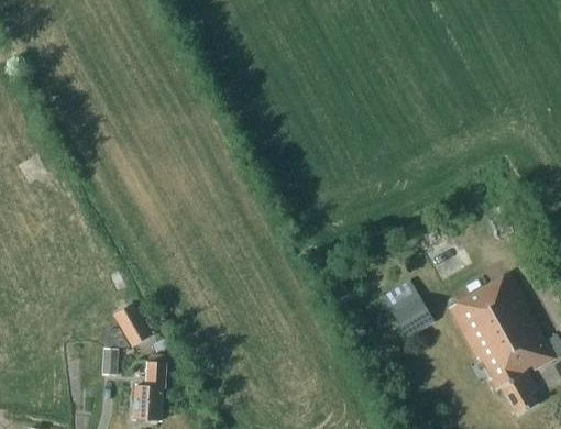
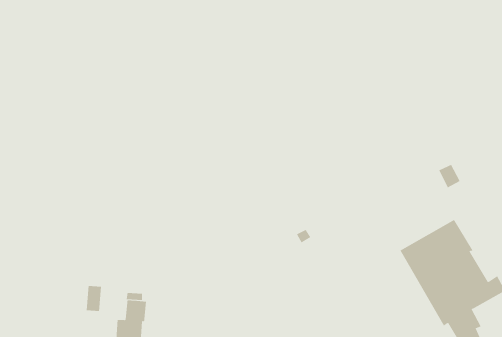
building: [382,279,433,337] -> none
building: [113,305,152,348] -> none

